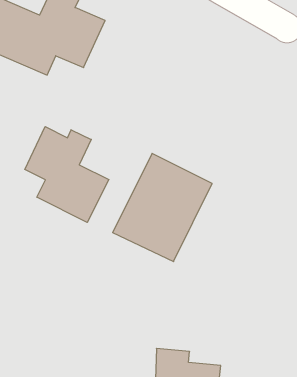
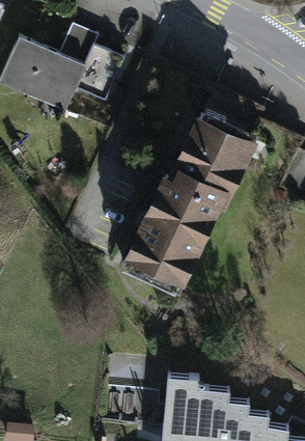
building: none -> [164,109,260,215]
building: [25,127,109,222] -> none

